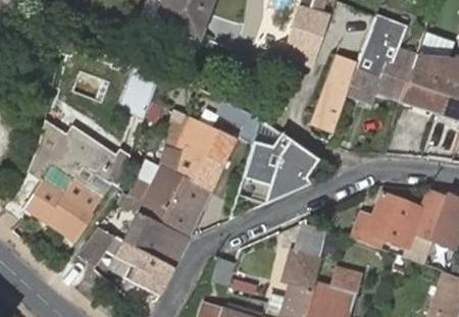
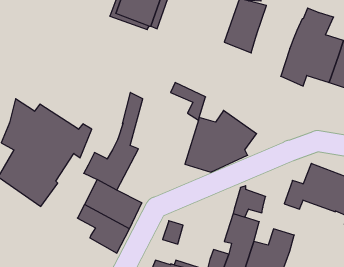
building: [312,54,357,133] -> none
building: [160,119,237,237] -> none
building: [80,225,123,268] -> none

